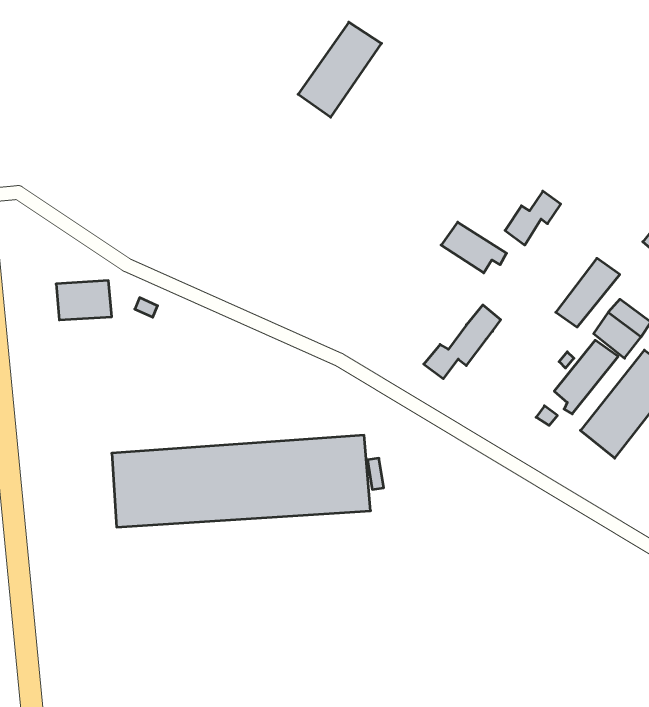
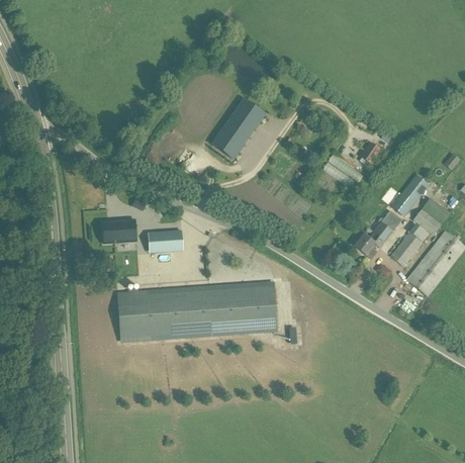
building: [298,22,382,117] -> [211,99,263,158]
building: [56,281,112,320] -> [101,218,135,243]
building: [424,305,501,379] -> [354,209,401,255]
building: none -> [157,229,181,252]

